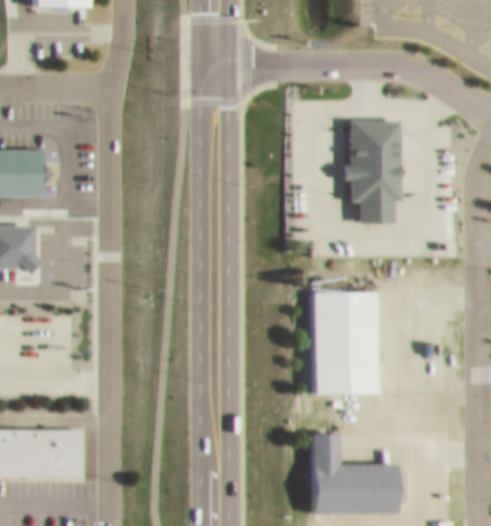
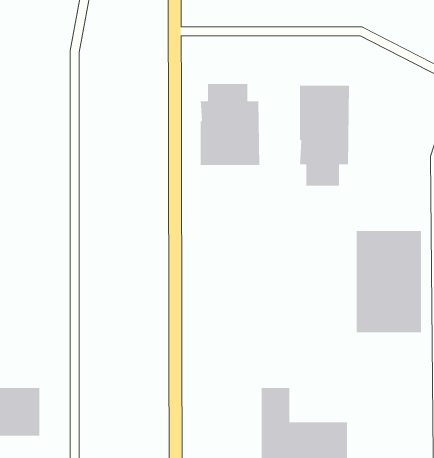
building: none -> [200,83,260,166]
building: [312,292,379,396] -> [356,231,422,333]

